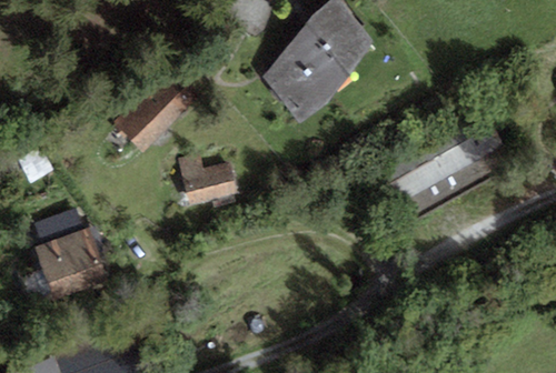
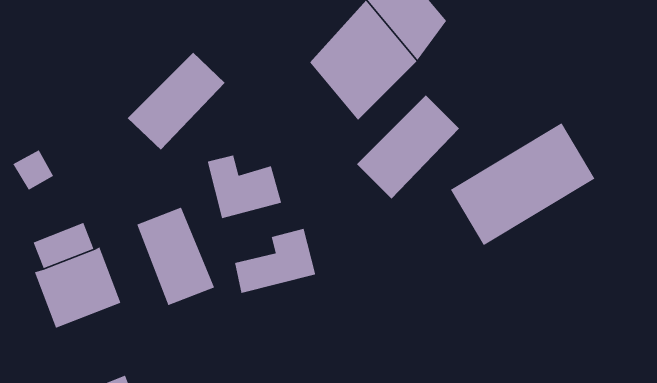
building: none -> [356,95,460,200]
building: none -> [136,207,215,306]
building: none -> [234,228,316,294]

